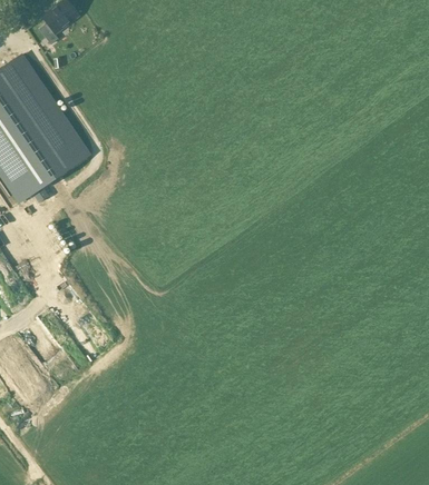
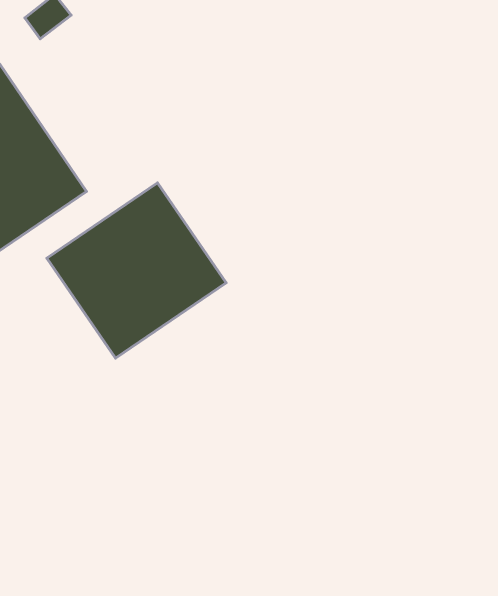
building: none -> [47,183,226,358]

